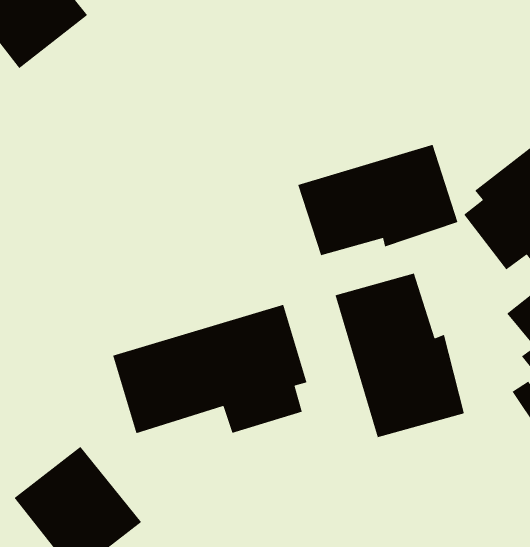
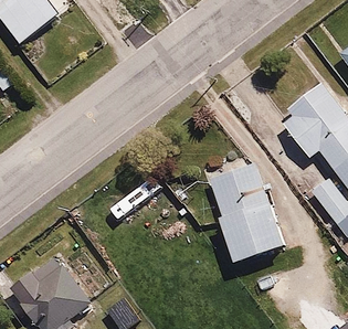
building: [297,144,458,256] -> none
building: [112,304,308,434] -> none

